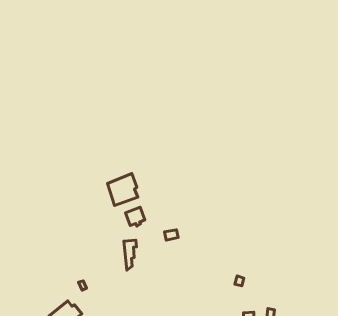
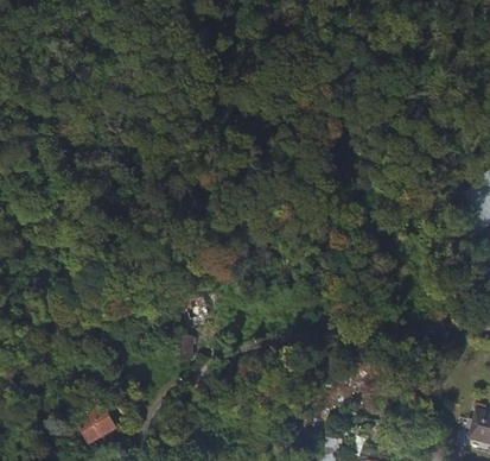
building: [108,173,138,206] -> none

